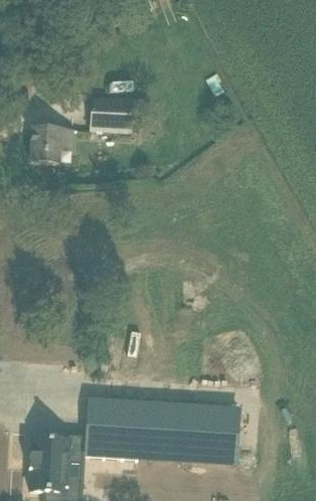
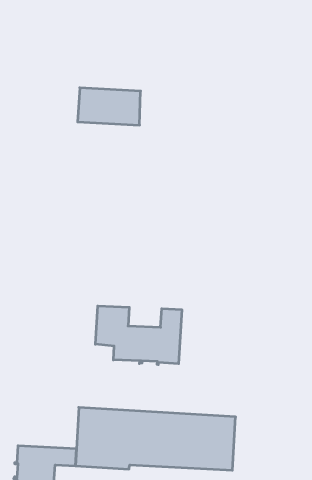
building: [30,126,71,162] -> none
building: none -> [95,306,182,365]

